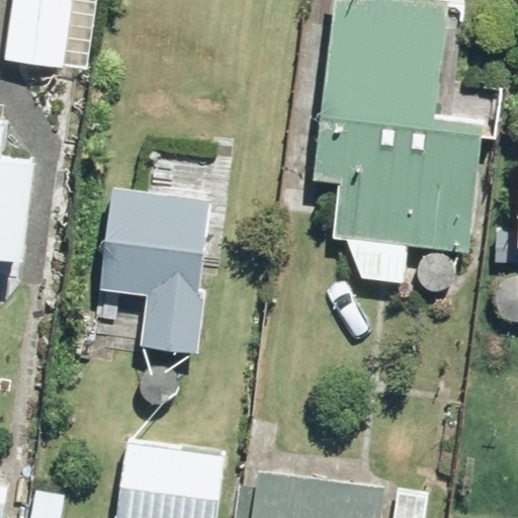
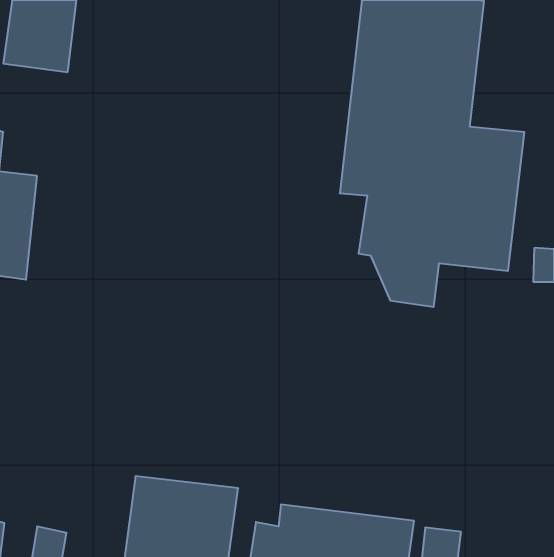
building: [101,188,209,354] -> none

